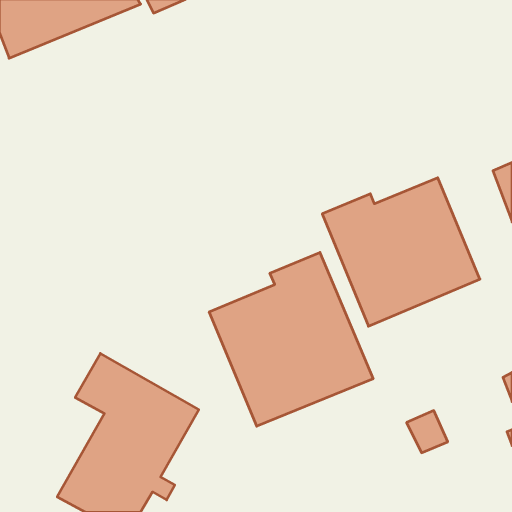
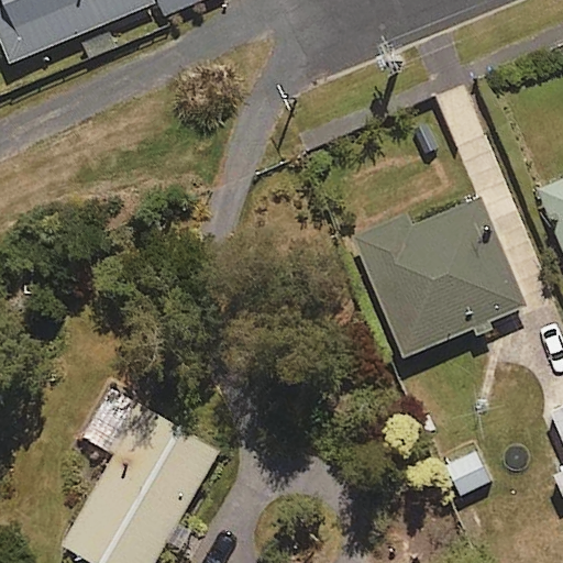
building: [209,252,373,426] -> none

